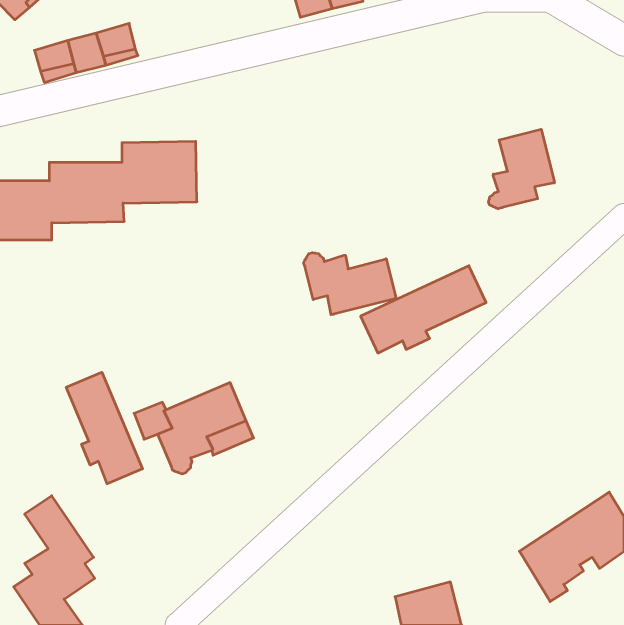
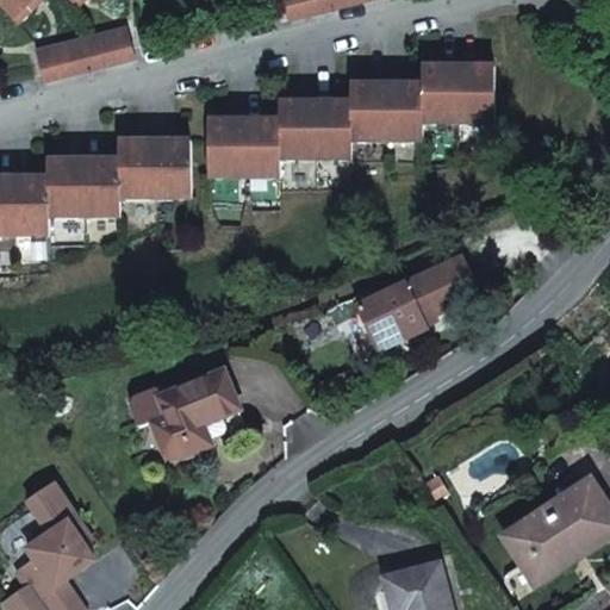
building: none -> [210,63,497,174]
building: [489,129,554,209] -> none
building: [304,253,396,315] -> none
building: [66,372,143,484] -> none

